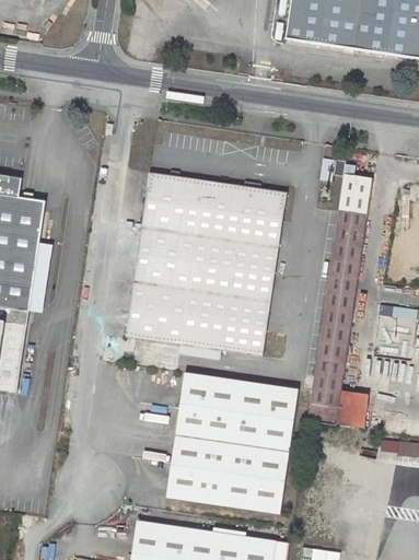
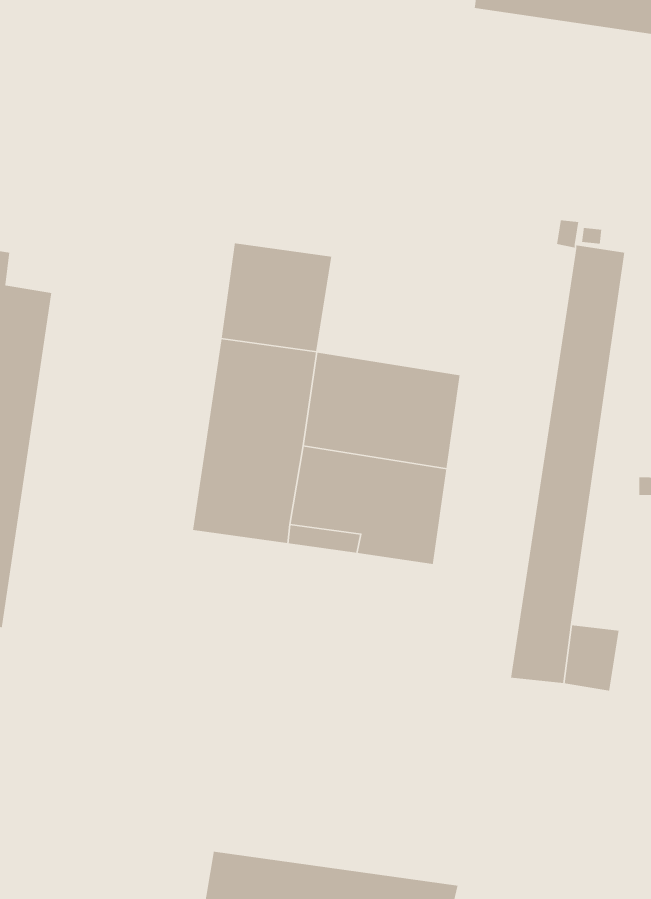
building: [197,180,288,248] -> none
building: [165,373,299,514] -> none

